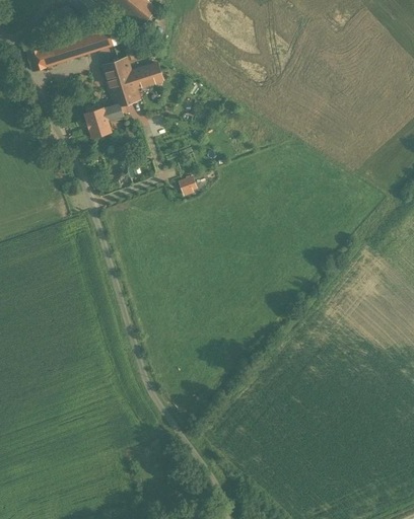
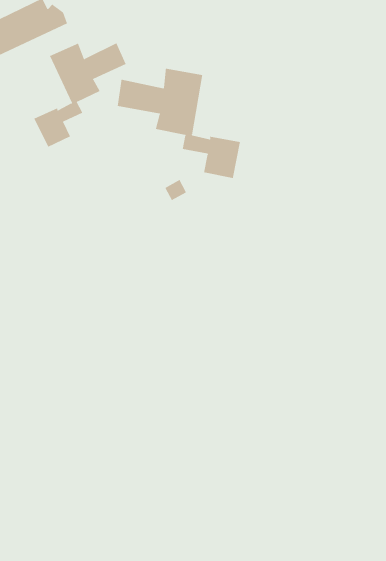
building: none -> [117,68,241,179]

